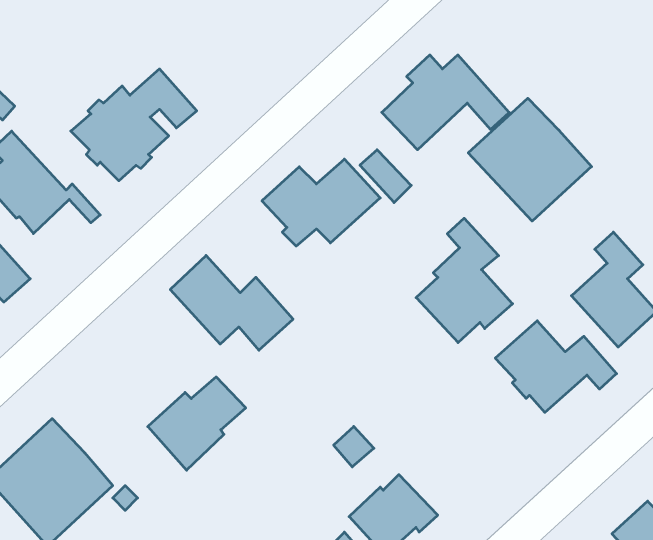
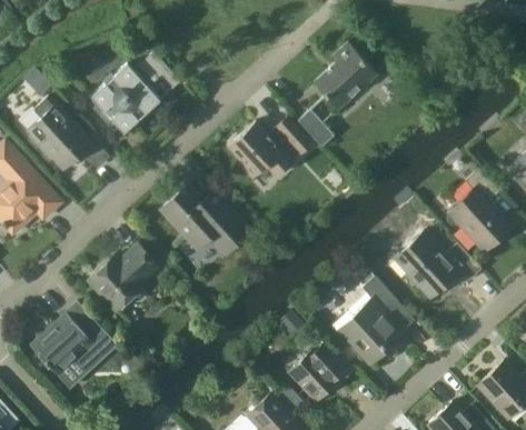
building: [468,98,592,221] -> none
building: [416,218,513,343] -> [339,277,408,366]
building: [148,377,246,470] -> [88,244,158,311]

